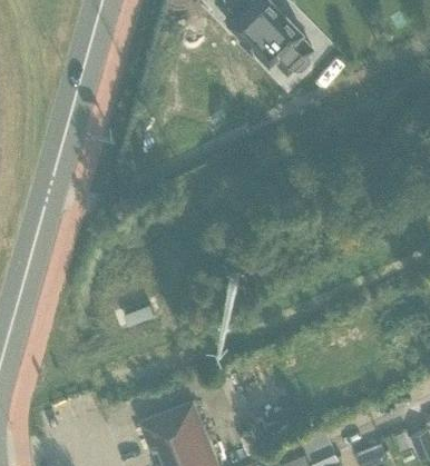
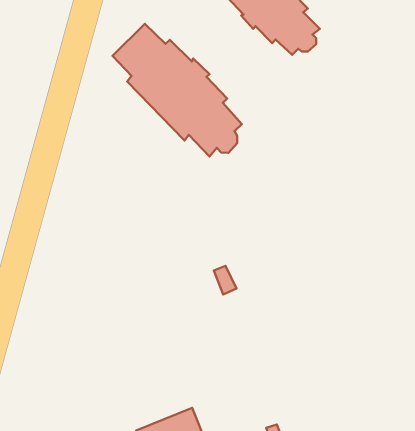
building: none -> [113,24,242,156]

